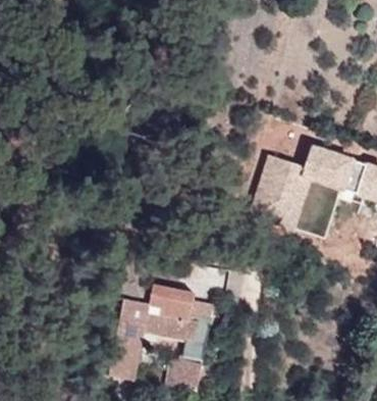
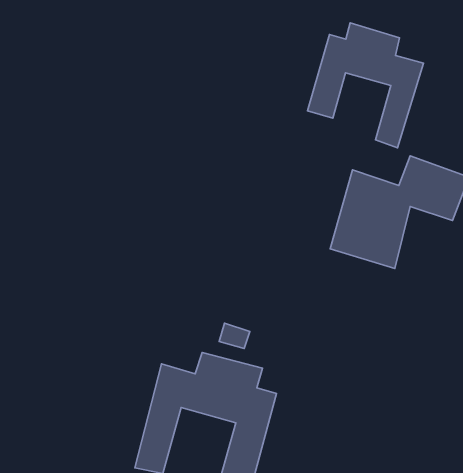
building: none -> [308,23,423,148]

